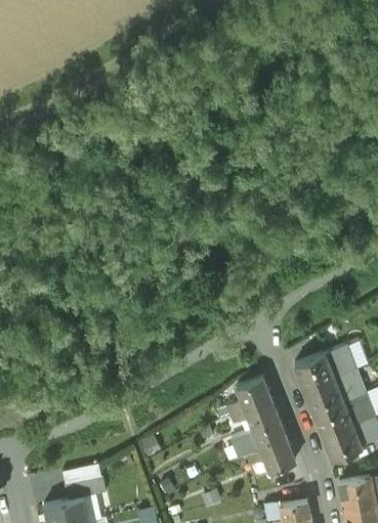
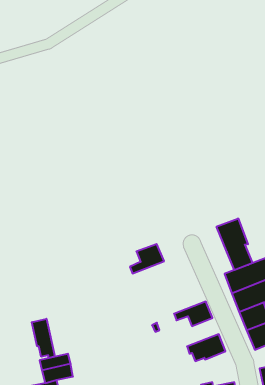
building: none -> [217,218,252,270]
building: [228,377,271,413] -> [130,244,164,273]
building: [233,419,288,456] -> none
building: none -> [32,319,55,358]

